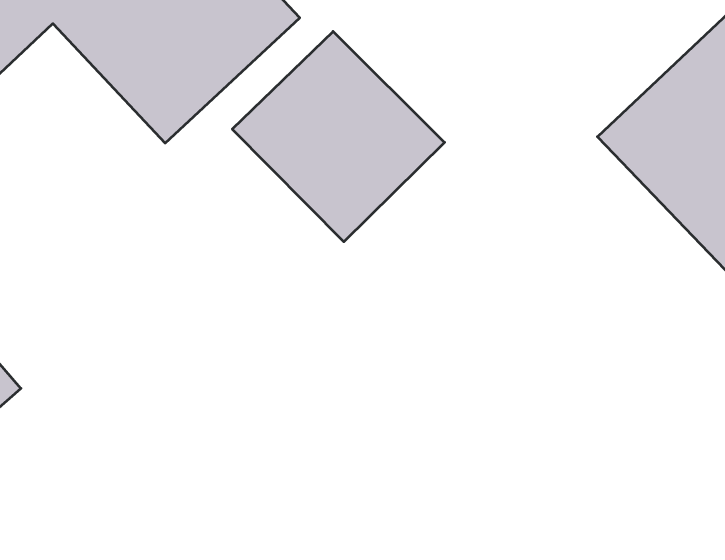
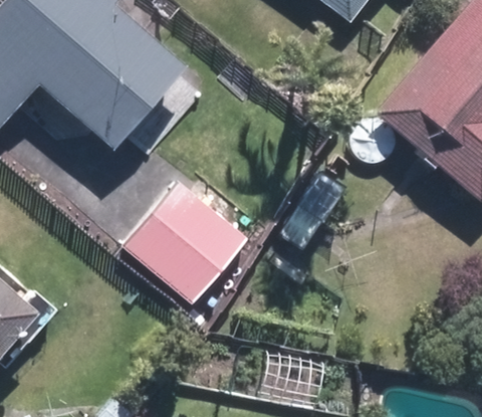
building: [232,31,445,242] -> [119,181,247,305]

